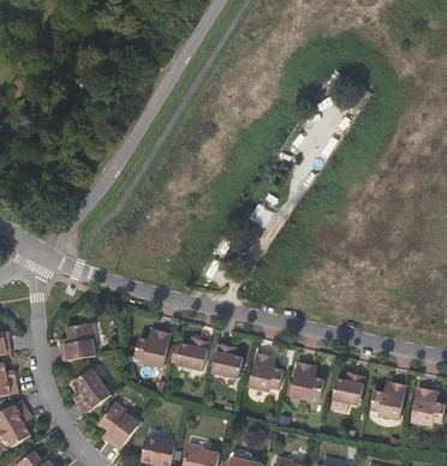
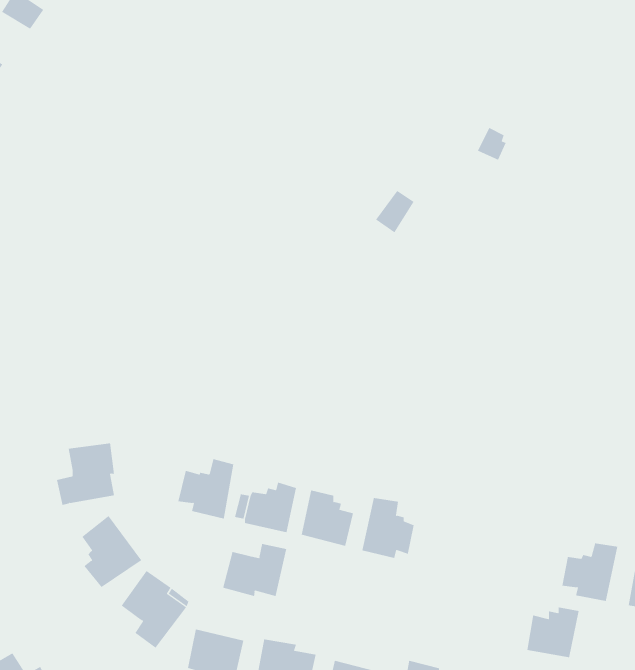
building: [288,363,322,401] -> none
building: [330,378,363,410] -> [527,607,580,658]
building: none -> [222,543,287,597]

